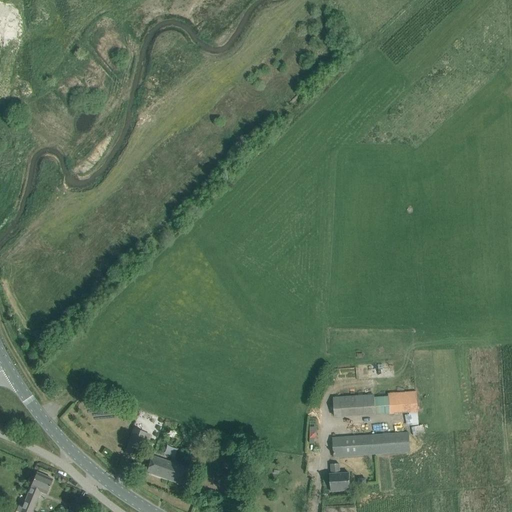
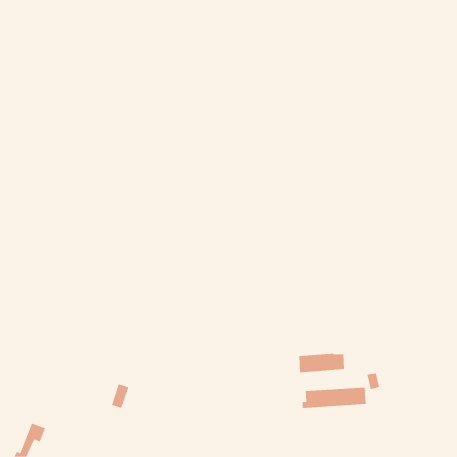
building: [388,390,416,413] -> none
building: [145,456,188,484] -> none
building: [329,463,349,491] -> none

